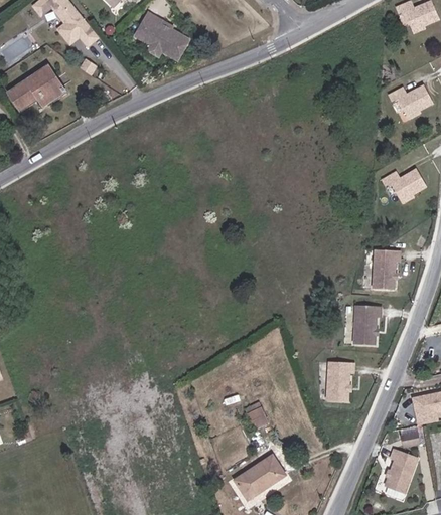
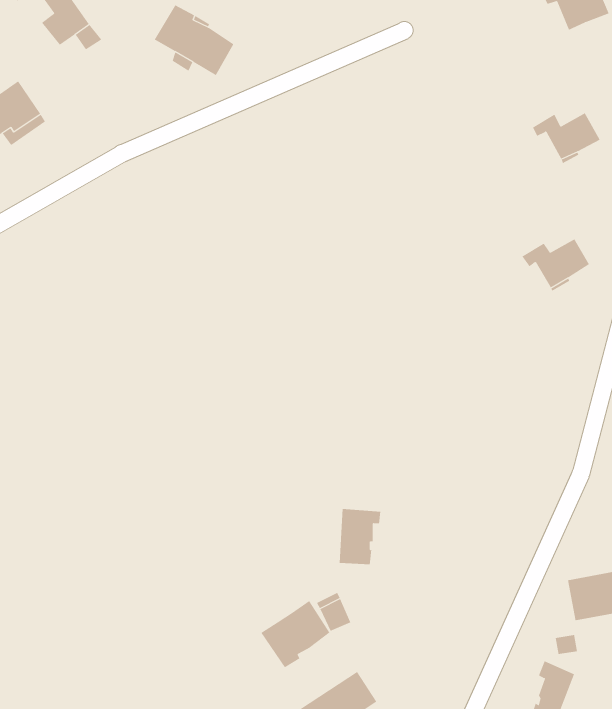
building: [373,249,399,289] -> none
building: [352,304,381,343] -> none
building: [326,361,354,398] -> [339,509,381,565]
building: none -> [260,600,330,668]

